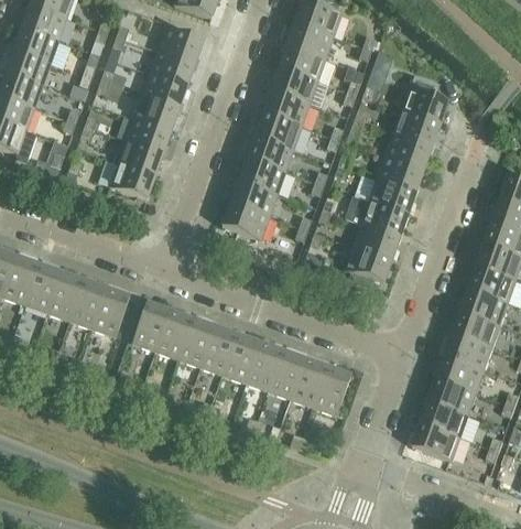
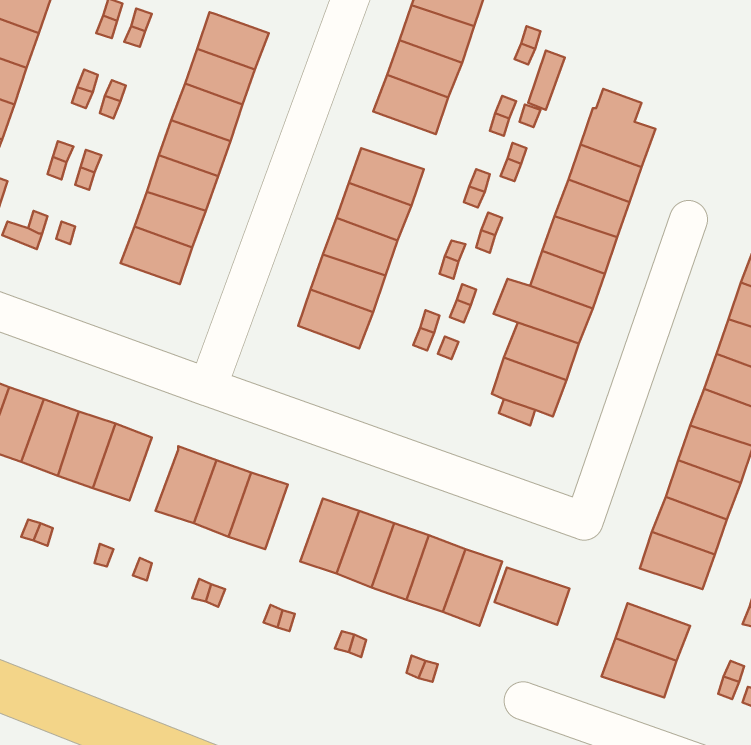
building: [262,89,310,126] -> none
building: [202,325,238,374] -> none
building: [431,378,478,414] -> [495,567,569,625]

